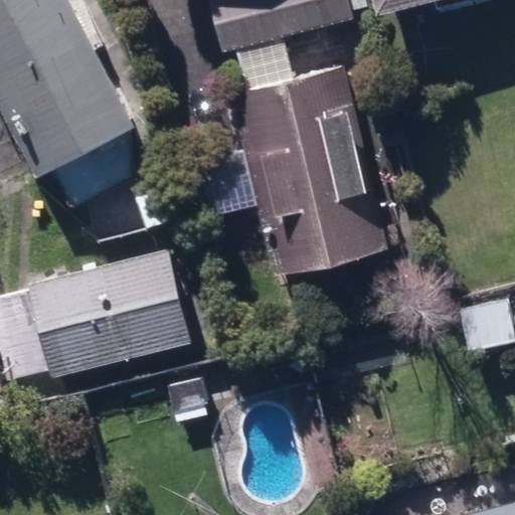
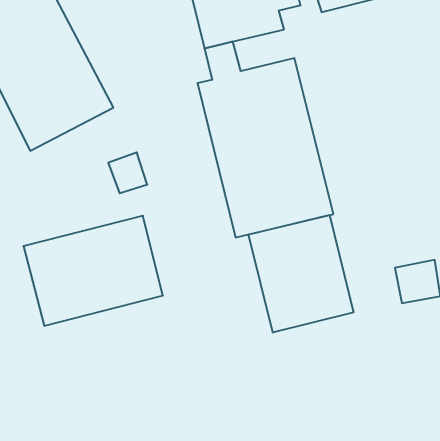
building: none -> [249,215,353,333]

